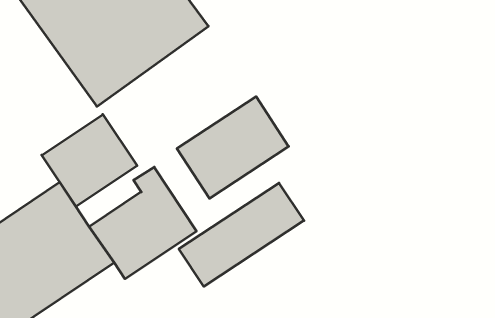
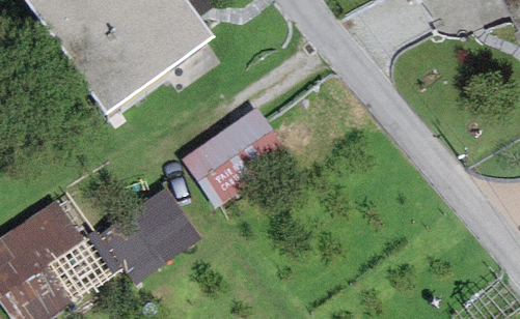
building: [42,114,137,206] -> none
building: [179,183,304,286] -> none

